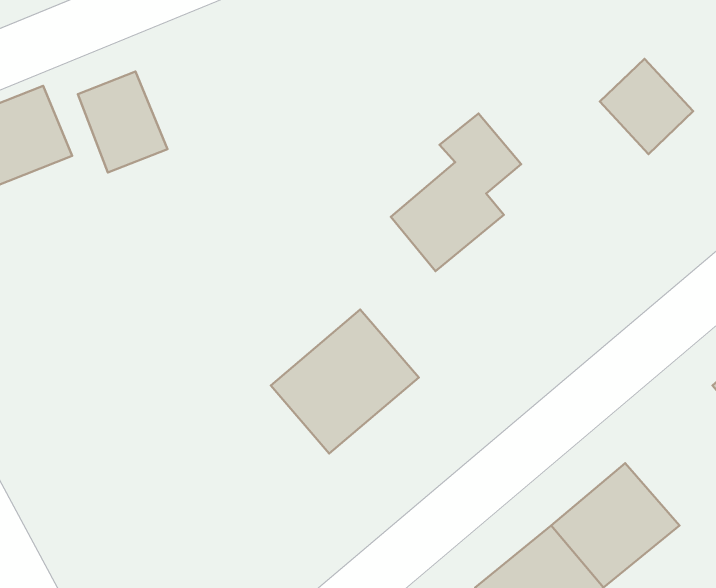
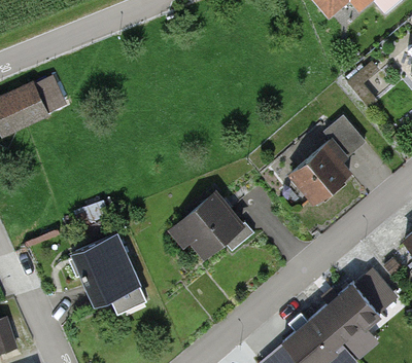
building: [78,71,167,173] -> none
building: [391,114,521,271] -> [297,119,366,203]
building: none -> [77,235,146,314]

